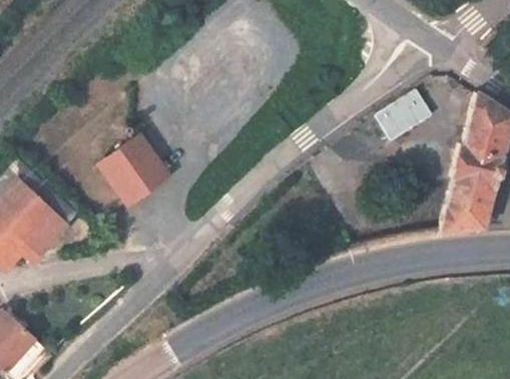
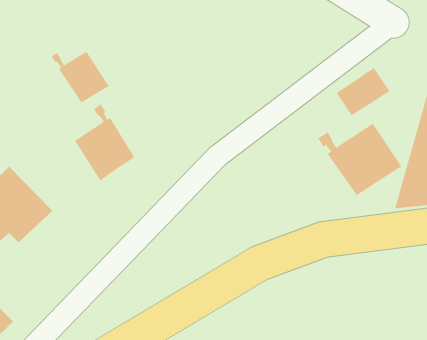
building: none -> [51,51,109,103]
building: none -> [317,123,402,196]

